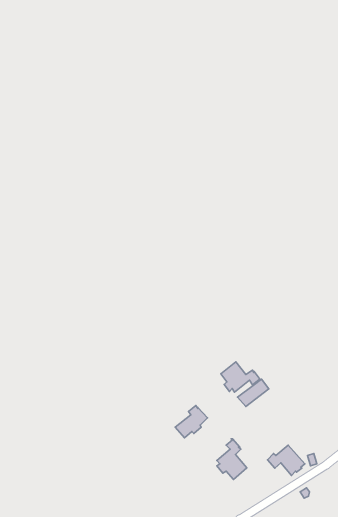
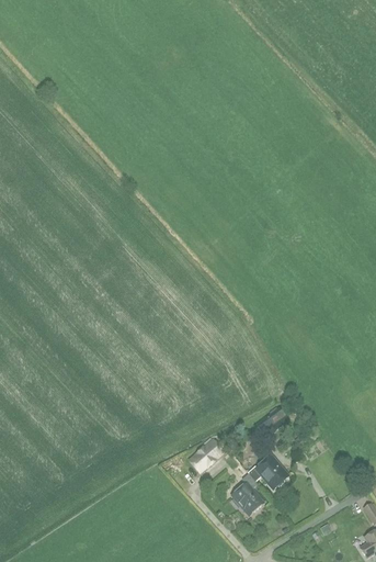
building: [221,362,260,392] -> none
building: [267,445,305,475] -> [248,456,287,487]

